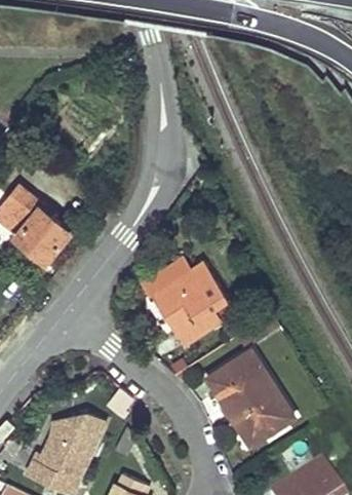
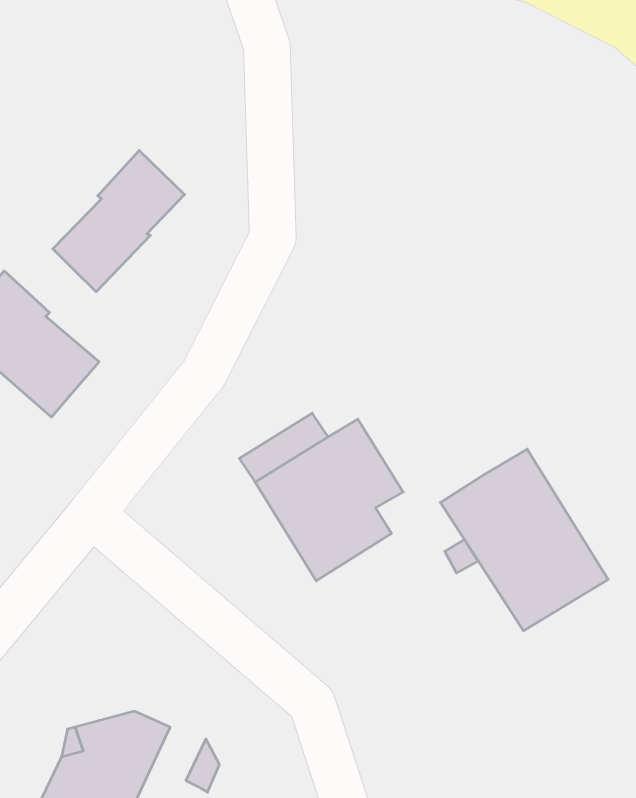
building: none -> [53,150,185,292]
building: [206,351,294,446] -> [440,449,608,631]

